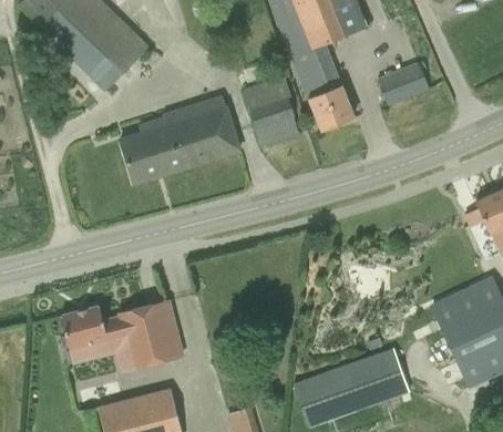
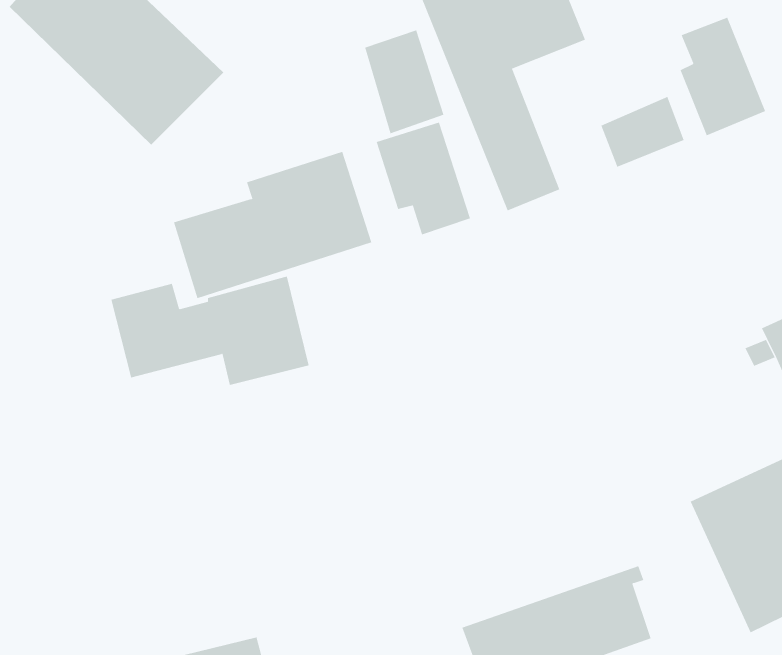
building: none -> [680,17,766,136]
building: none -> [364,30,444,134]
building: [61,300,182,367] -> [110,276,310,385]

